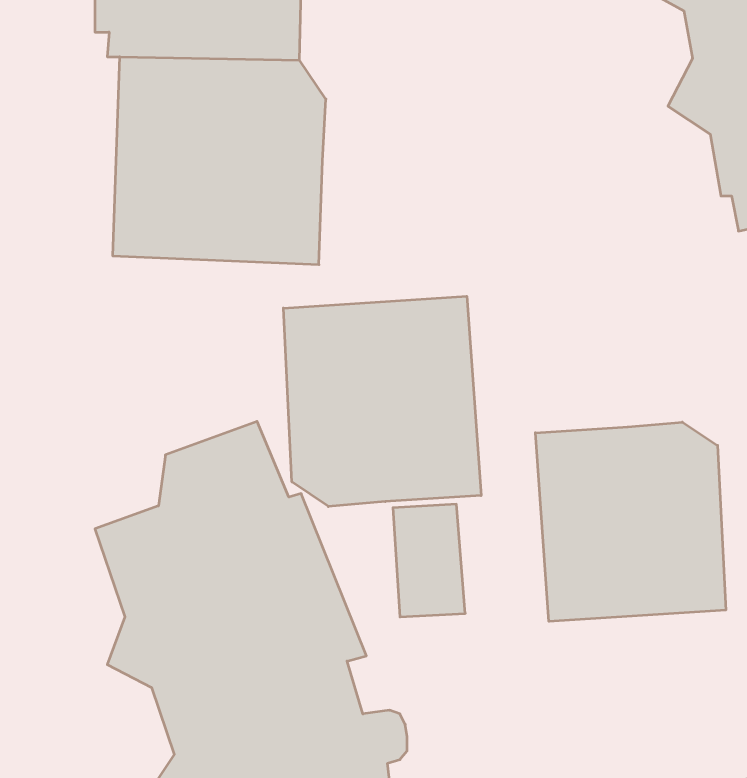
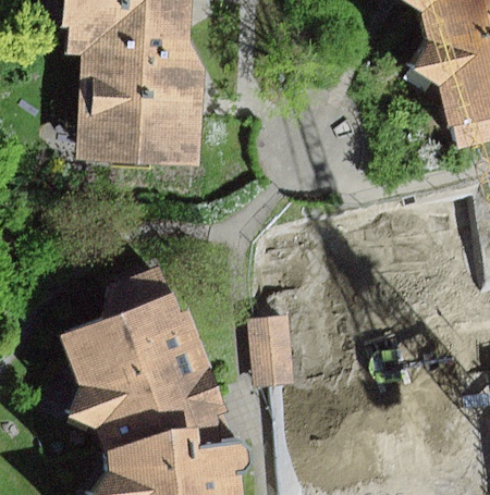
building: [283,296,481,507] -> none
building: [535,422,726,621] -> none

